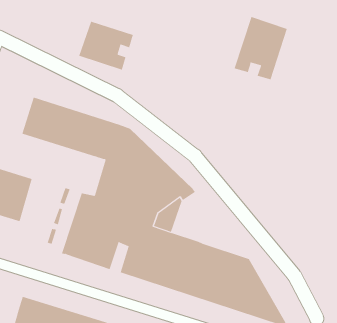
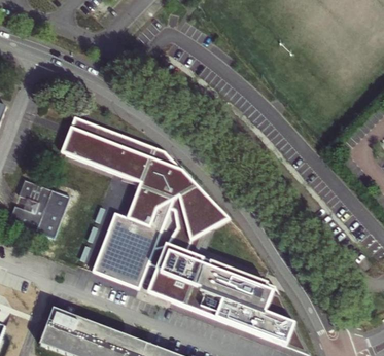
building: [234,16,287,80] -> none
building: [79,21,134,71] -> none

